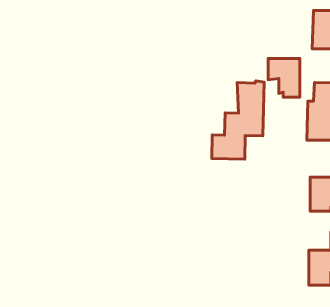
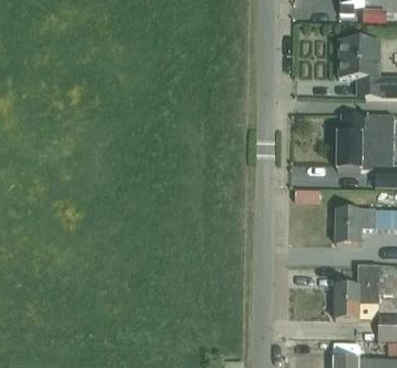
building: [268,59,300,97] -> none
building: [212,81,264,159] -> none

